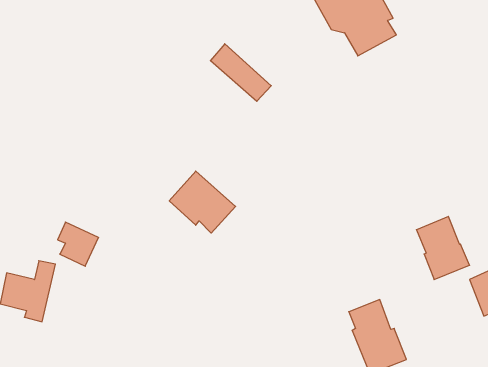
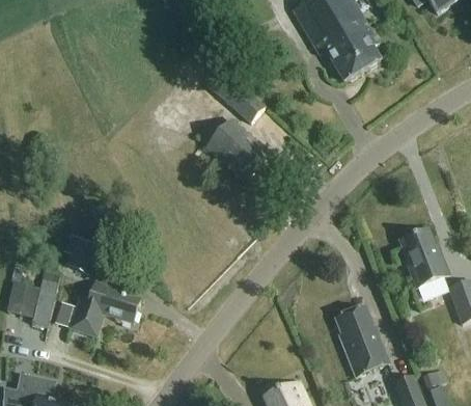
building: [169,171,236,233] -> [205,118,268,177]
building: none -> [70,281,141,334]

